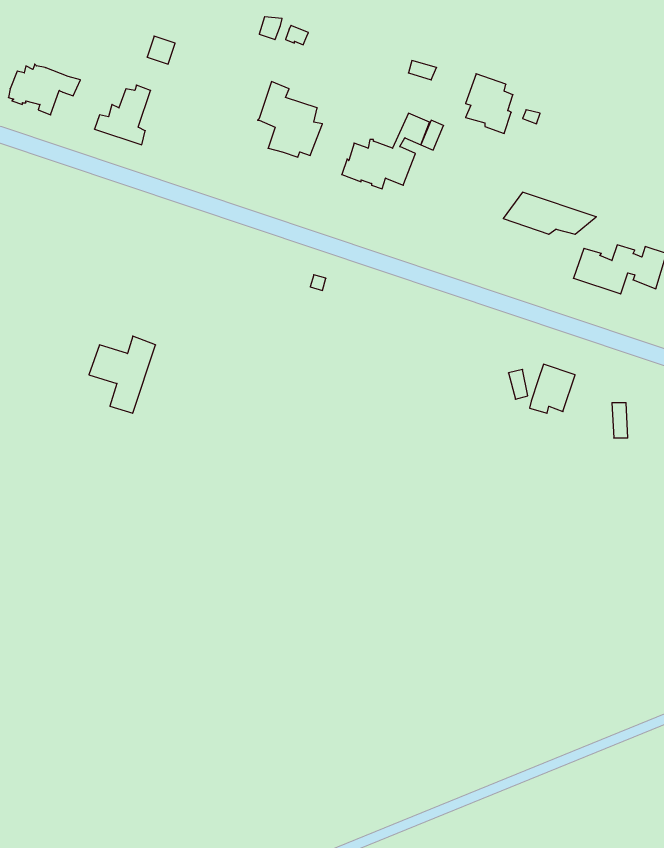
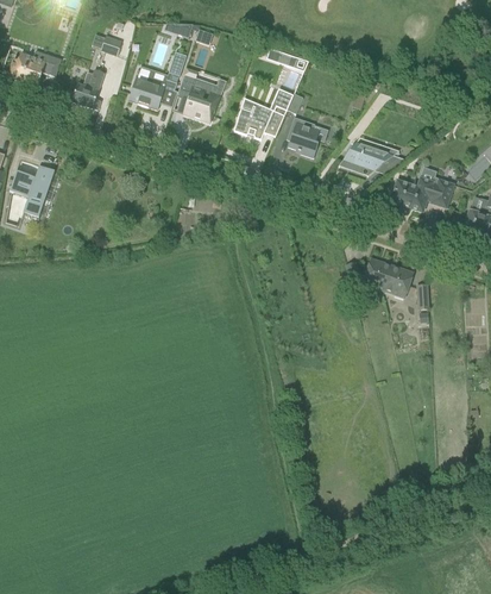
building: none -> [128,51,187,107]
building: [466,74,513,133] -> [288,117,320,157]
building: [89,336,156,413] -> [10,164,55,217]
building: none -> [384,265,414,296]

